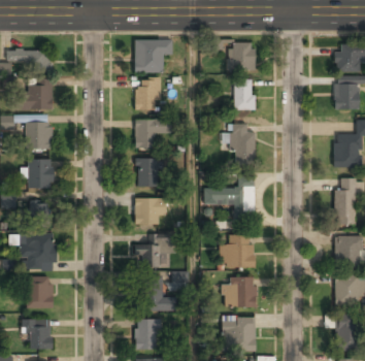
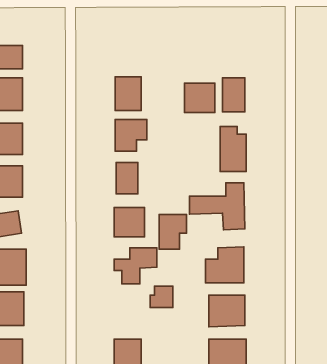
building: [134,40,171,73] -> none
building: [228,43,256,70] -> [184,83,215,112]
building: none -> [159,215,187,249]
building: [140,277,175,313] -> none

